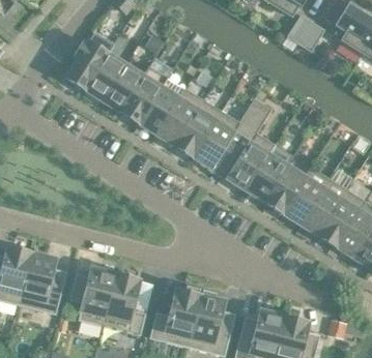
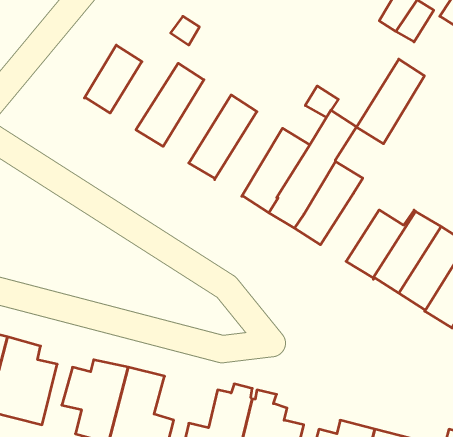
building: [66,32,113,90] -> none
building: [103,65,149,112] -> none
building: [139,78,185,135] -> none
building: [174,99,221,157] -> [356,59,424,144]
building: [247,155,287,202] -> none

